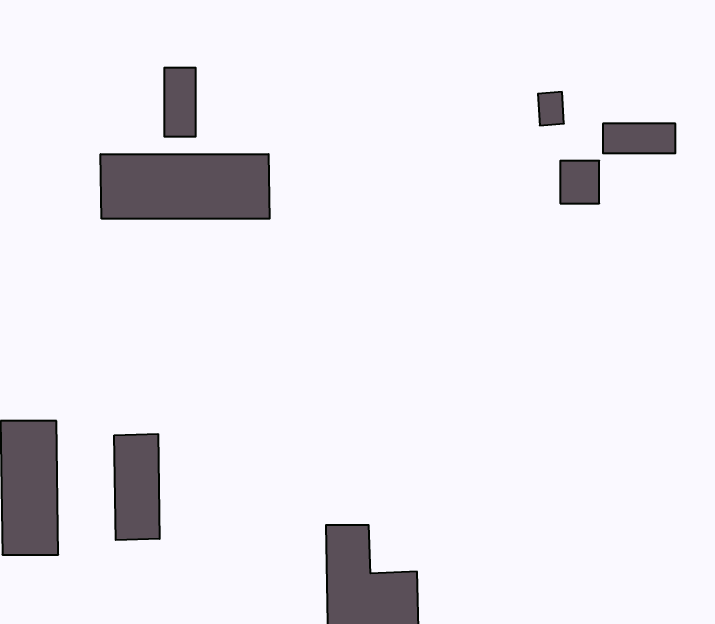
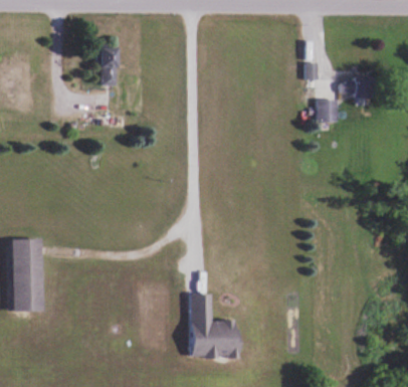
building: [101,154,270,219] -> none
building: [114,434,160,540] -> none

